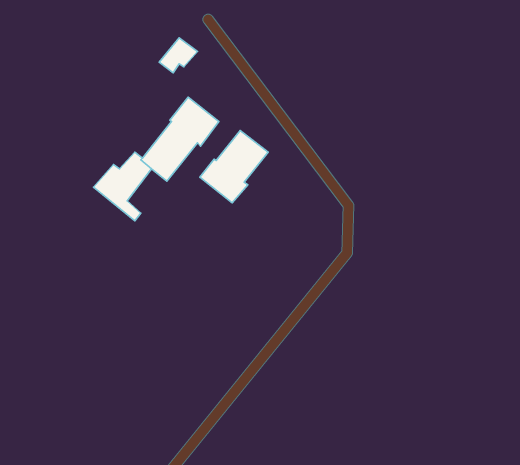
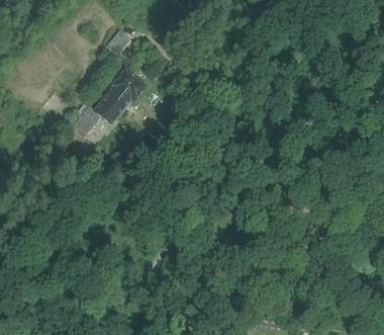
building: [200,131,268,203] -> none

